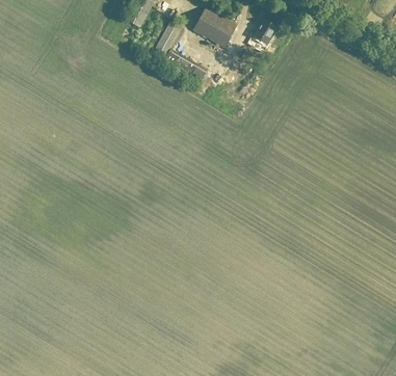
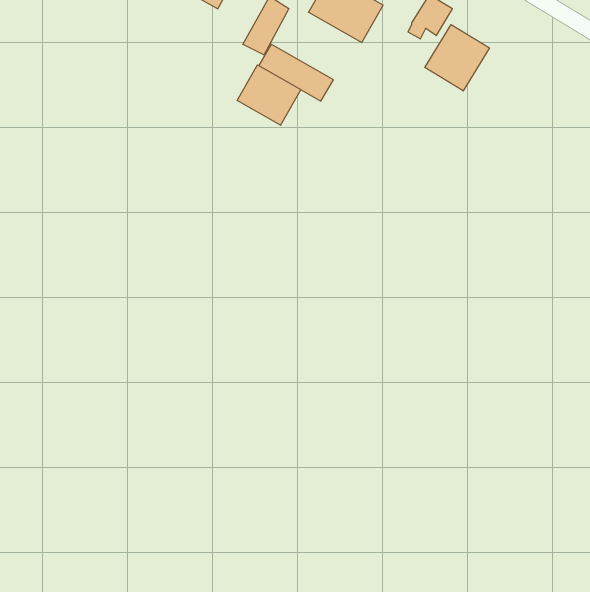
building: none -> [425,25,489,91]
building: none -> [237,65,301,125]

